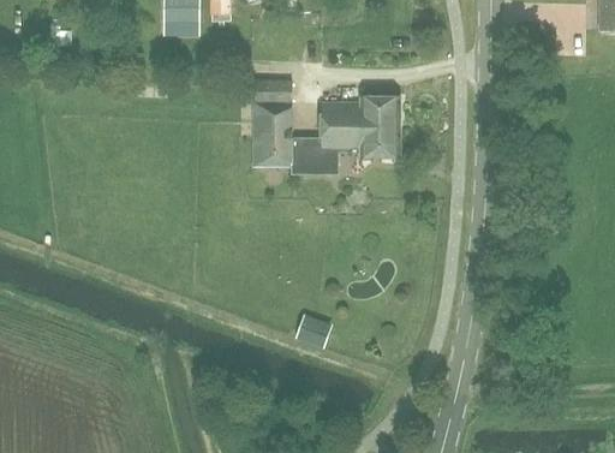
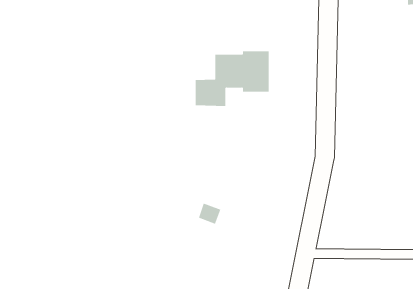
building: [253,79,292,165] -> none

